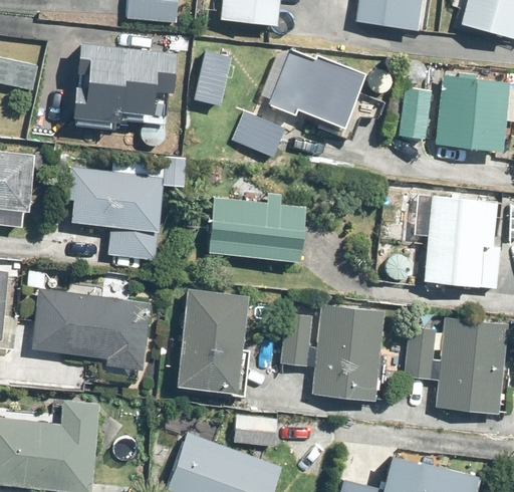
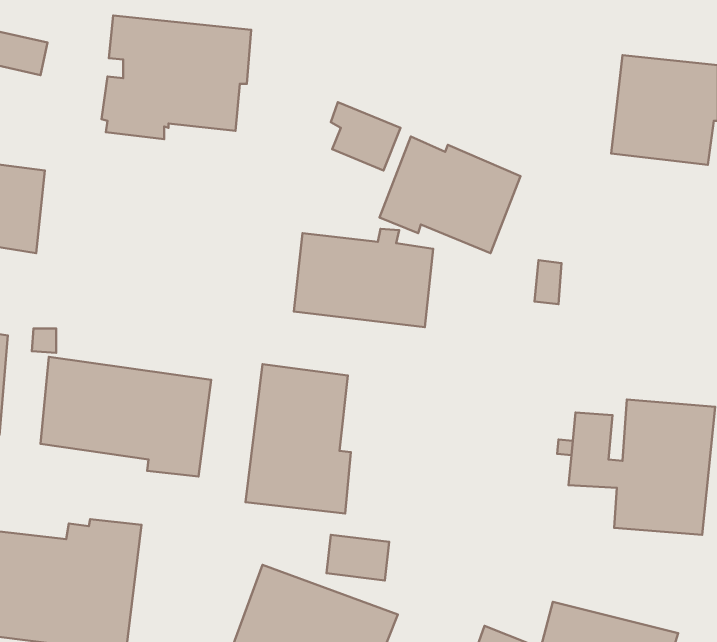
building: [193,47,231,104] -> none
building: [268,49,367,132] -> [380,136,521,253]
building: [397,85,431,140] -> none
building: [67,167,164,260] -> none
building: [413,194,499,288] -> none
building: [279,304,382,401] -> none

